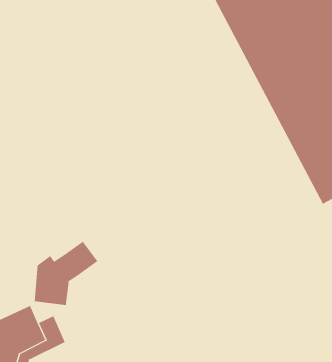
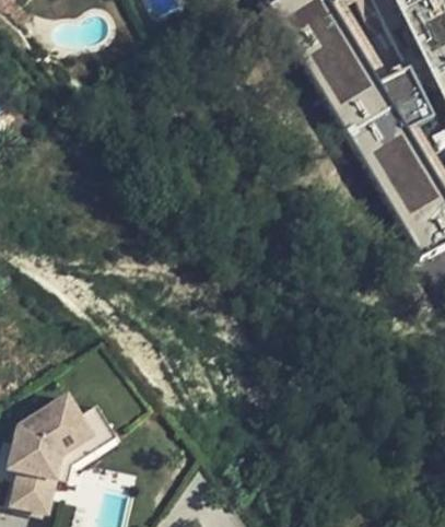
building: [34,241,98,306] -> none

